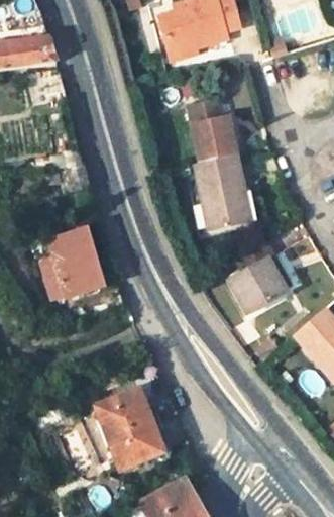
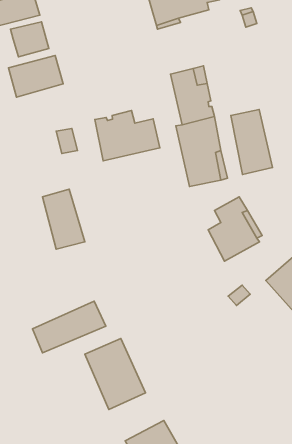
building: none -> [9,56,63,97]
building: none -> [231,110,272,175]
building: none -> [95,111,160,161]
building: none -> [32,301,106,353]

